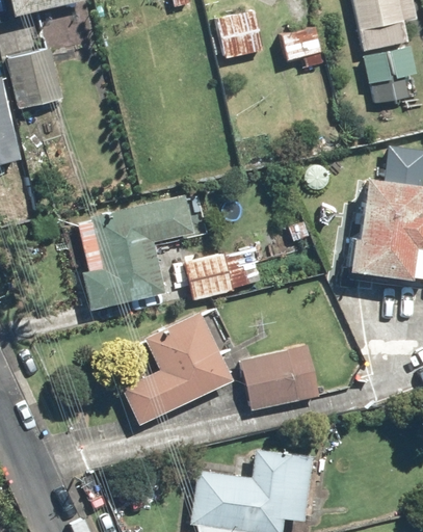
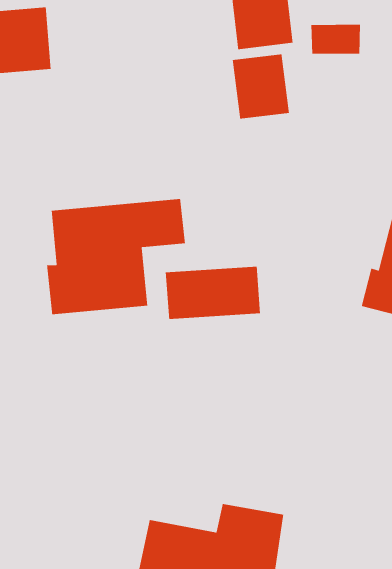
building: none -> [232,53,290,120]
building: [116,309,232,423] -> none
building: [238,348,322,410] -> none

